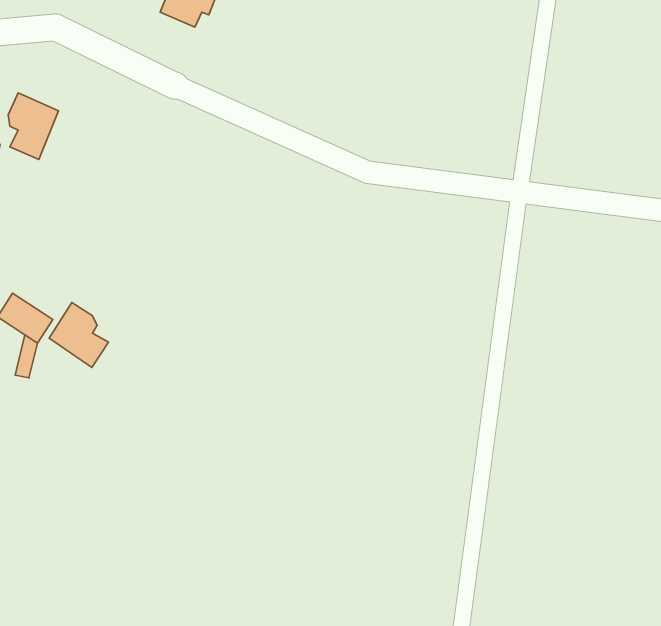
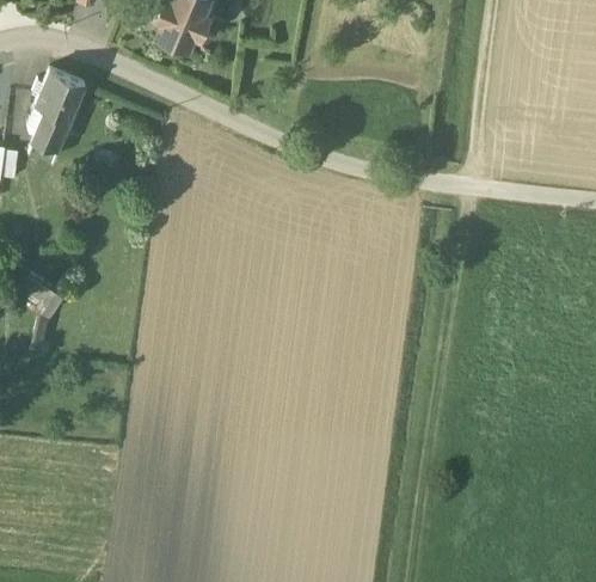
building: none -> [36,69,86,120]
building: [49,302,109,368] -> none

